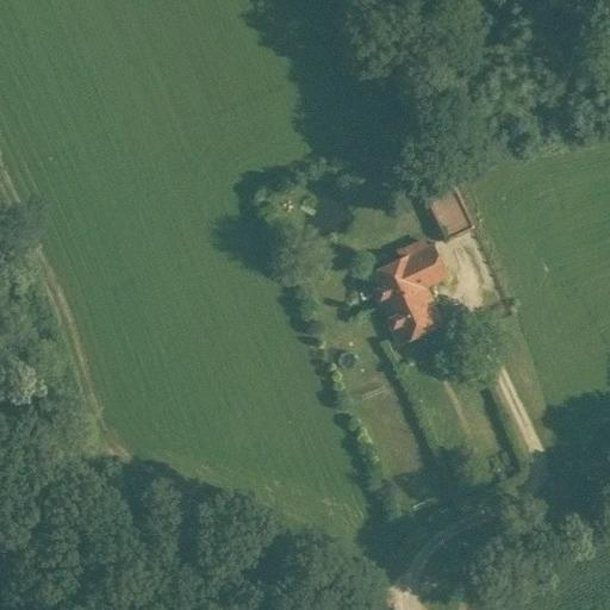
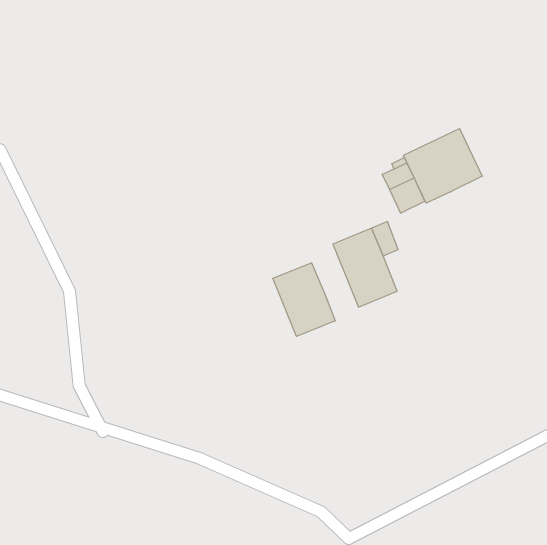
building: none -> [404,128,482,203]
building: none -> [273,263,335,336]

